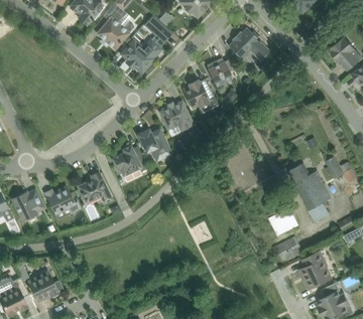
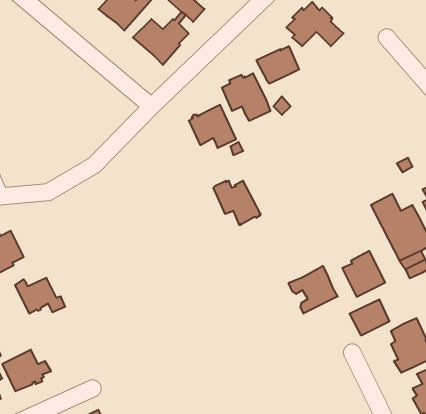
building: [138,129,171,160] -> [213,181,261,225]
building: [113,146,147,175] -> none
building: [78,171,110,203] -> none
building: [45,188,81,213] -> [15,278,65,314]
building: none -> [289,266,338,314]

